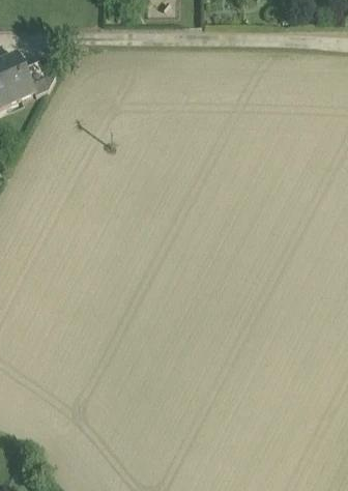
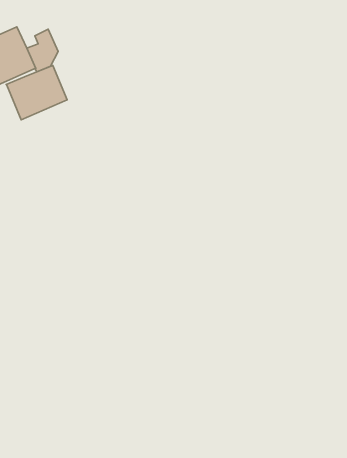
building: none -> [6,65,67,120]

